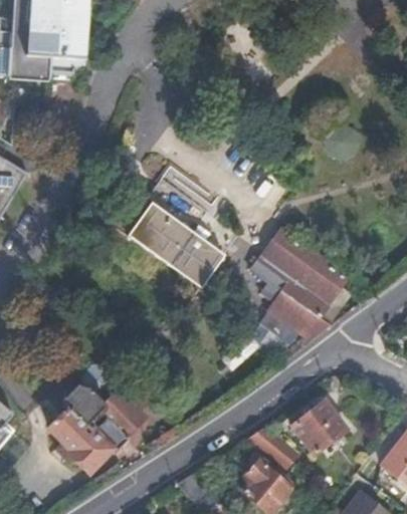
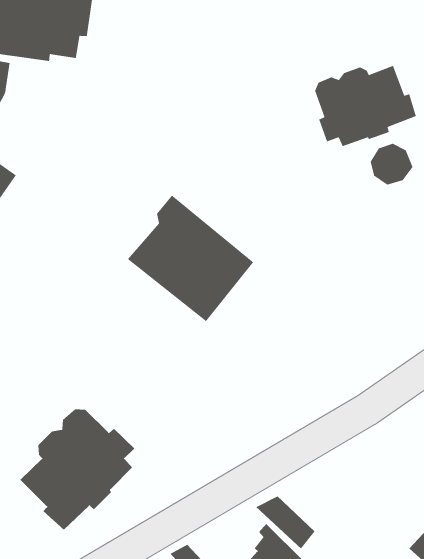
building: none -> [314,65,417,147]
building: [247,228,343,350] -> none
building: [291,401,346,454] -> none

